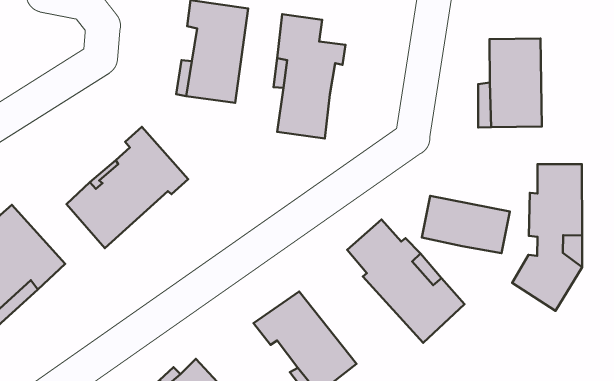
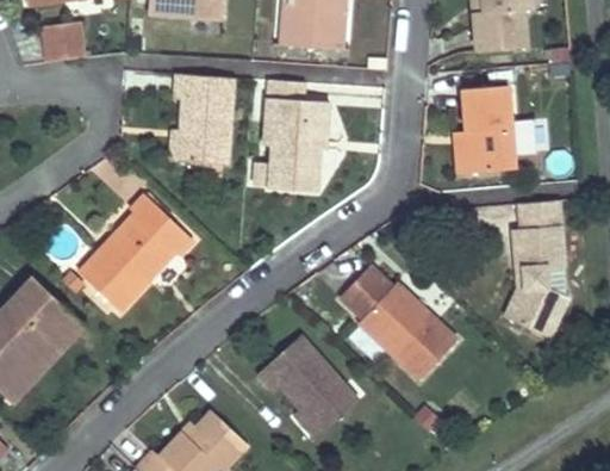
building: [422,196,510,253] -> none

